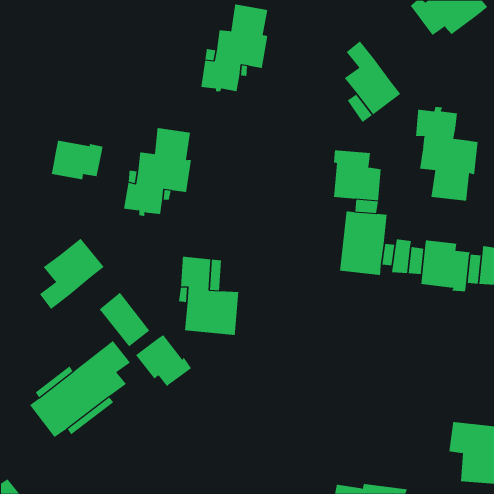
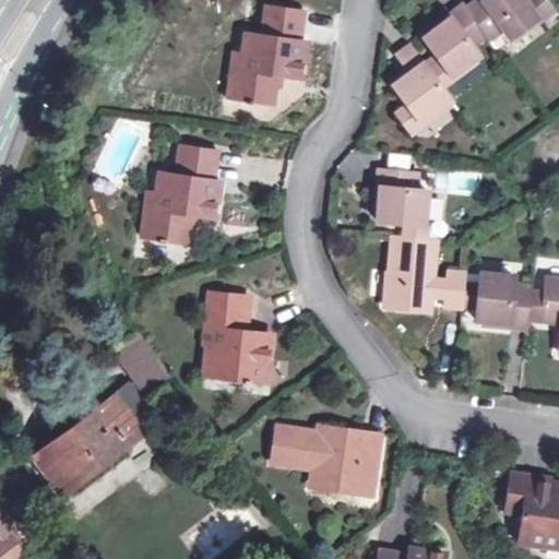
building: none -> [424,7,488,91]
building: [416,106,478,201] -> none
building: [51,140,103,180] -> none
building: [39,238,104,310] -> none
building: [135,334,192,388] -> none
building: none -> [272,426,381,493]

